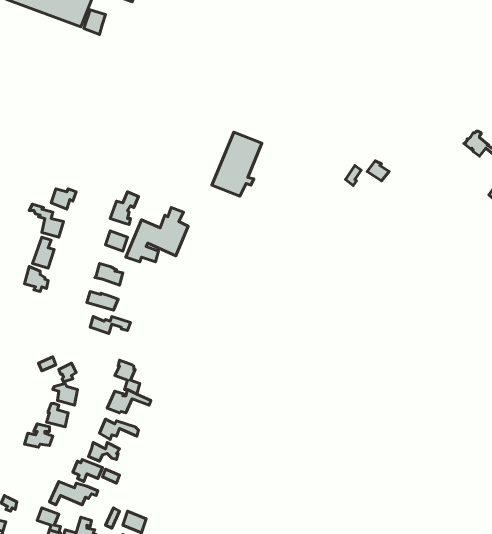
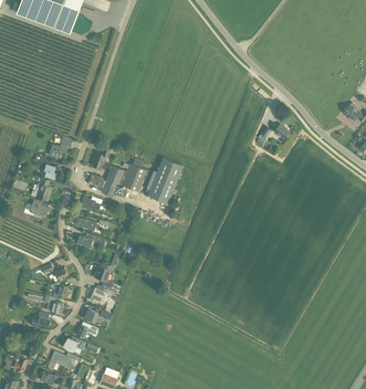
building: [212,132,262,196] -> [147,157,182,202]

